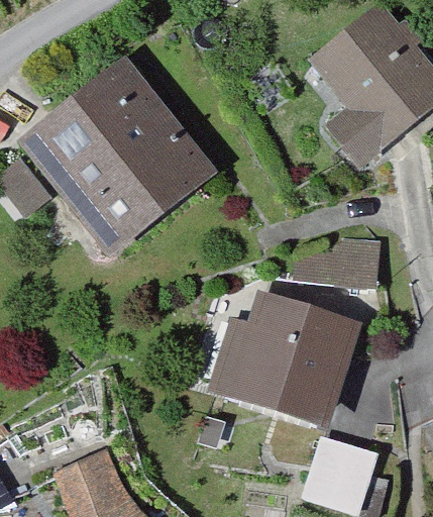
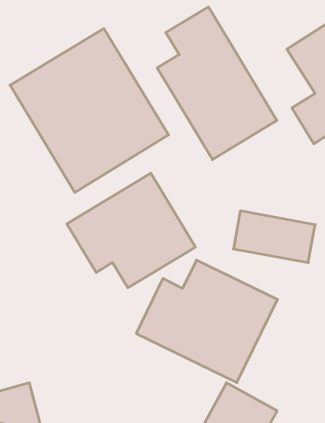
building: none -> [157,7,277,160]
building: none -> [67,173,195,288]

